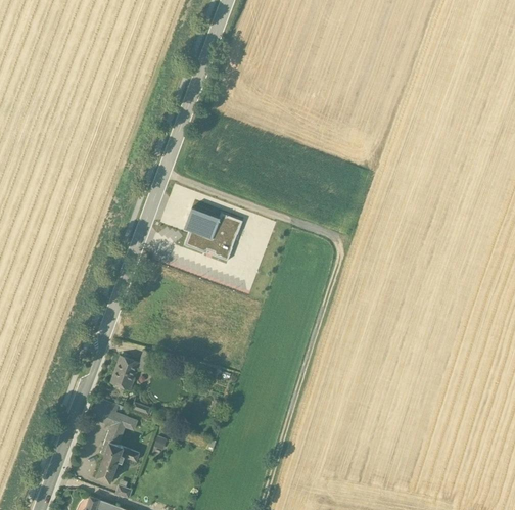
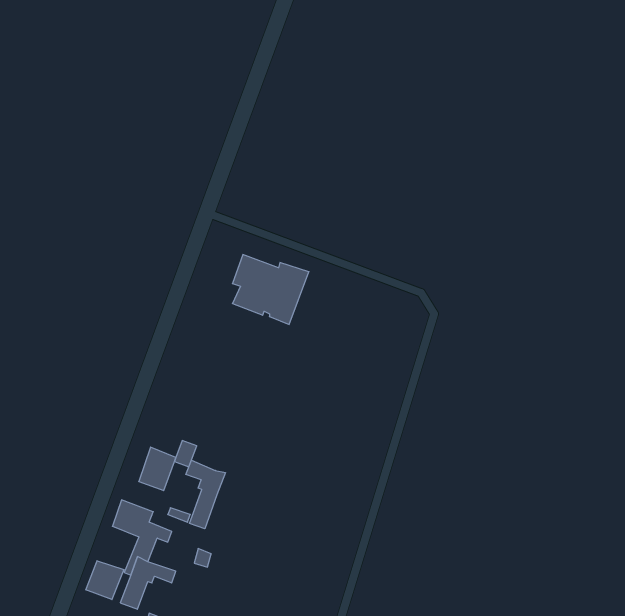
building: none -> [186,460,225,529]
building: none -> [86,561,124,600]

